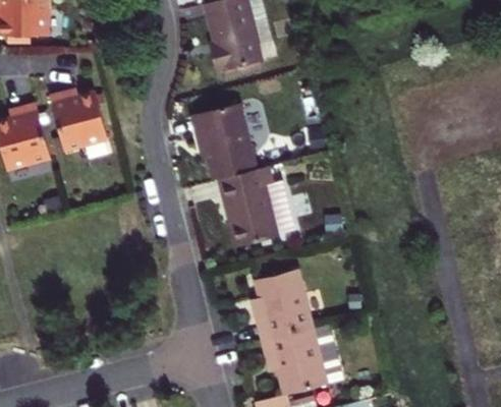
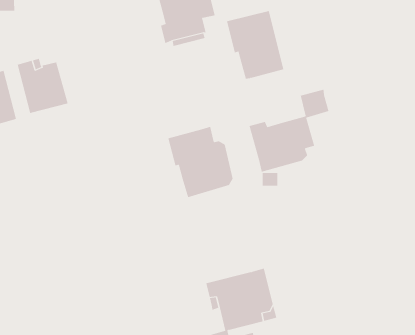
building: [190,103,256,180] -> [226,10,284,79]
building: none -> [249,89,329,173]
building: [252,270,313,342] -> none

